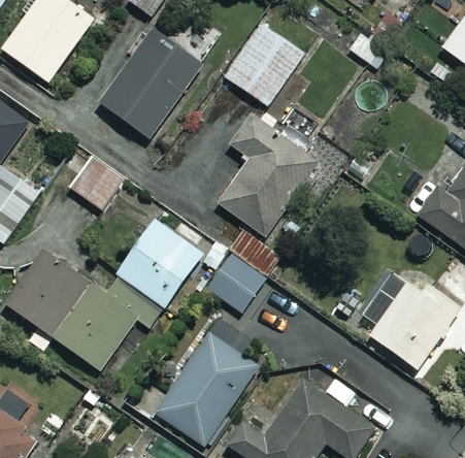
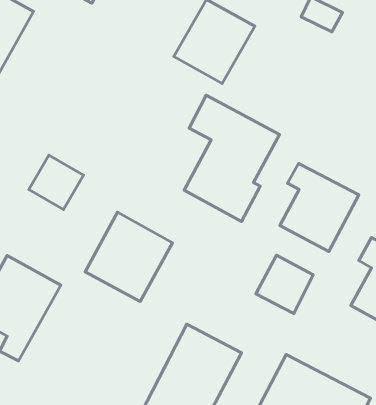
building: [101,30,201,136] -> none
building: none -> [280,164,359,251]
building: [208,254,265,312] -> [256,255,313,314]
building: [54,276,164,369] -> none

